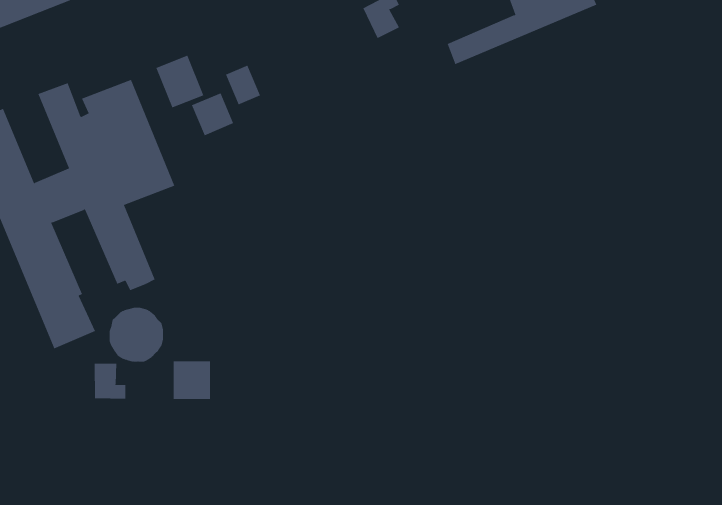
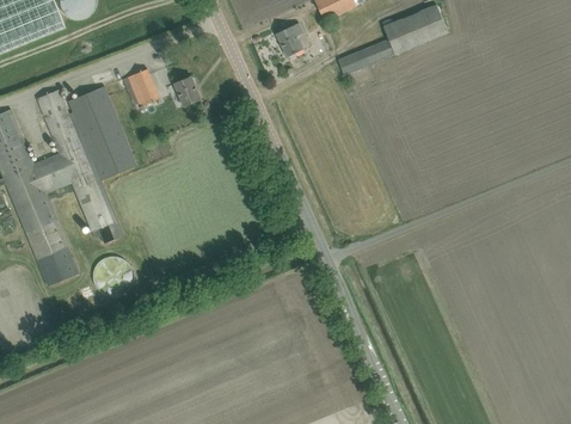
building: [191,93,234,136] -> none
building: [173,360,210,400] -> none
building: [94,363,126,400] -> none

